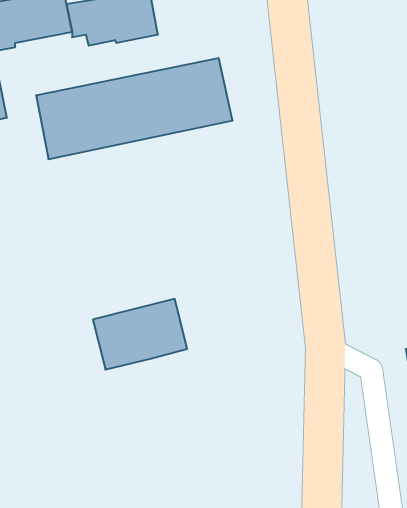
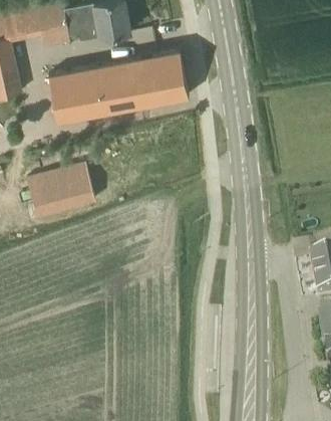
building: [93,299,187,370] -> [27,165,95,216]

